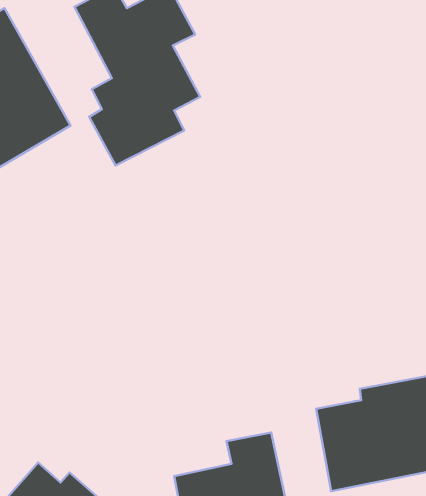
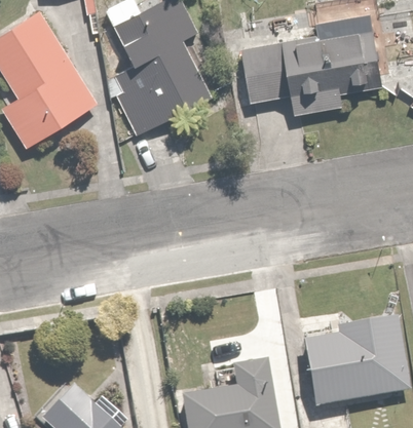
building: none -> [241,10,381,110]

